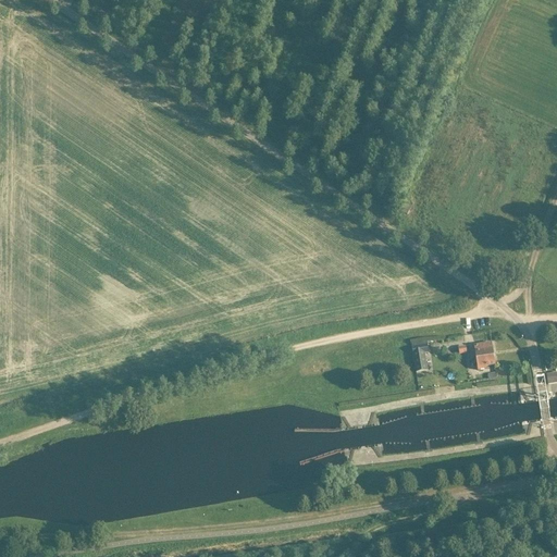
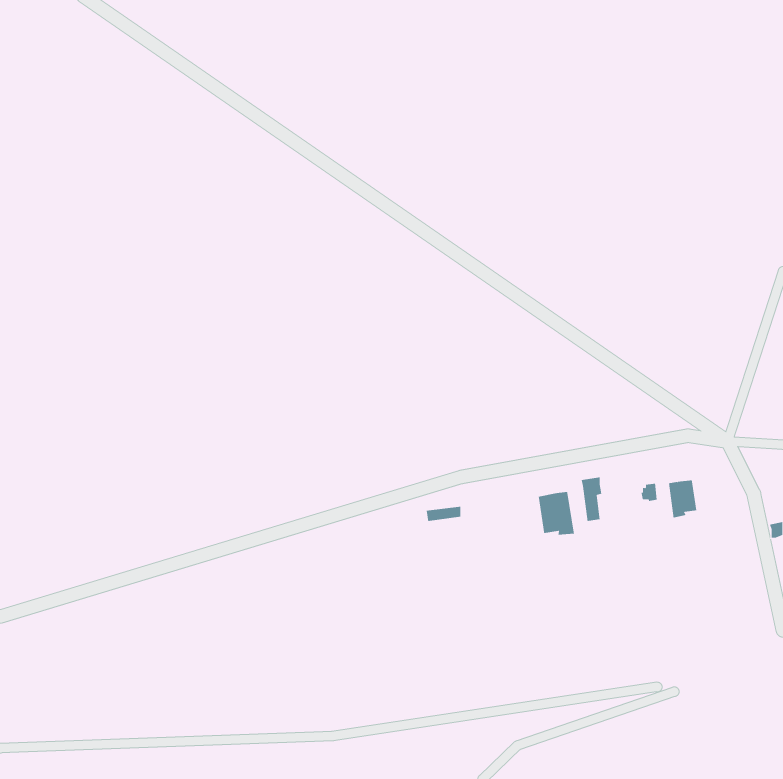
building: none -> [538,491,575,536]

